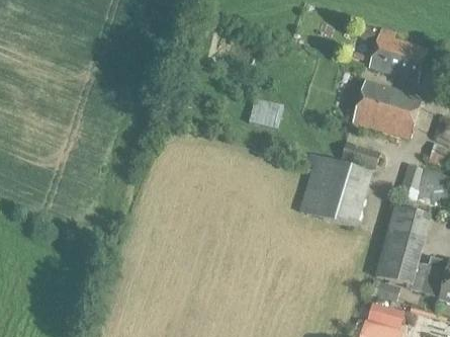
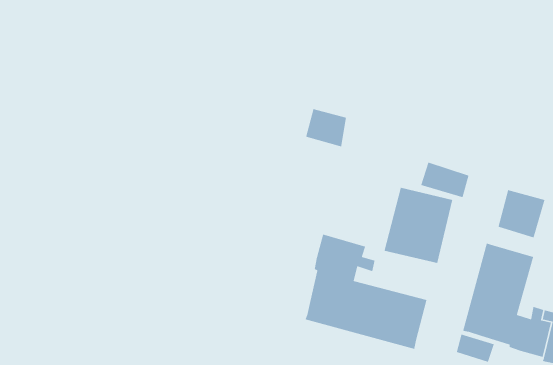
building: [369,33,427,81] -> none
building: [353,80,422,139] -> none
building: none -> [305,234,427,350]

